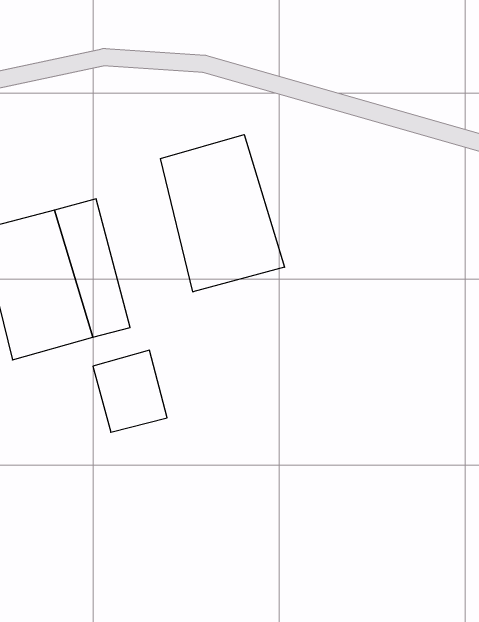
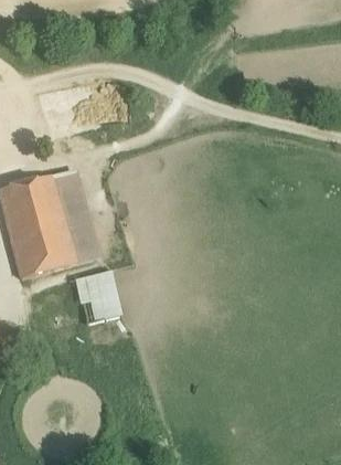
building: [160,135,285,292] -> none

